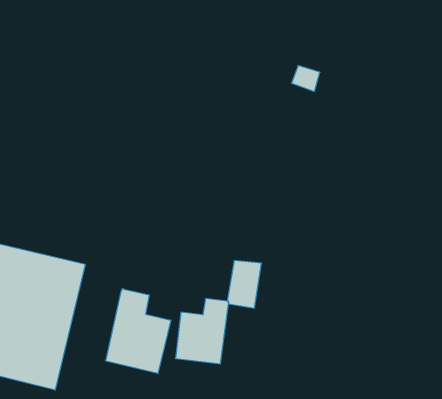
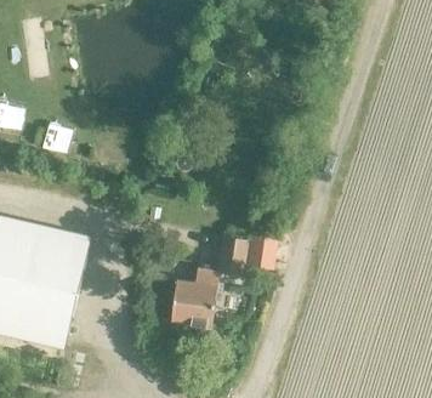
building: none -> [246,234,278,268]
building: [106,288,171,374] -> none

